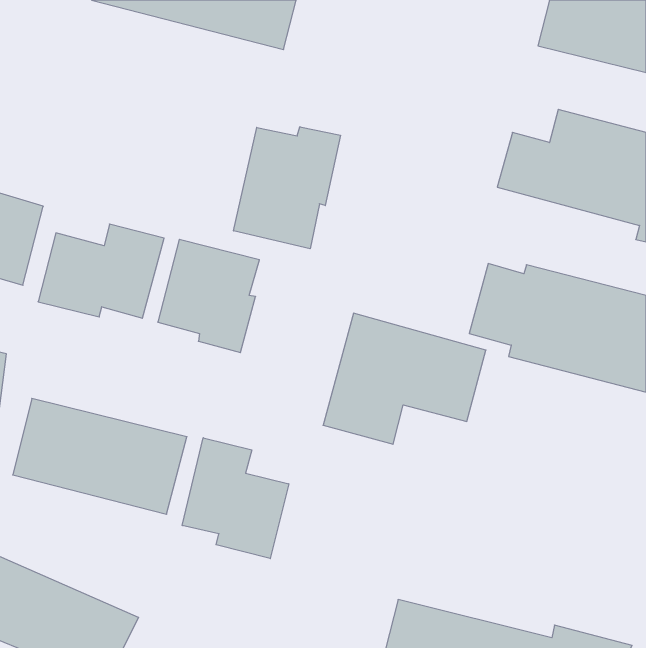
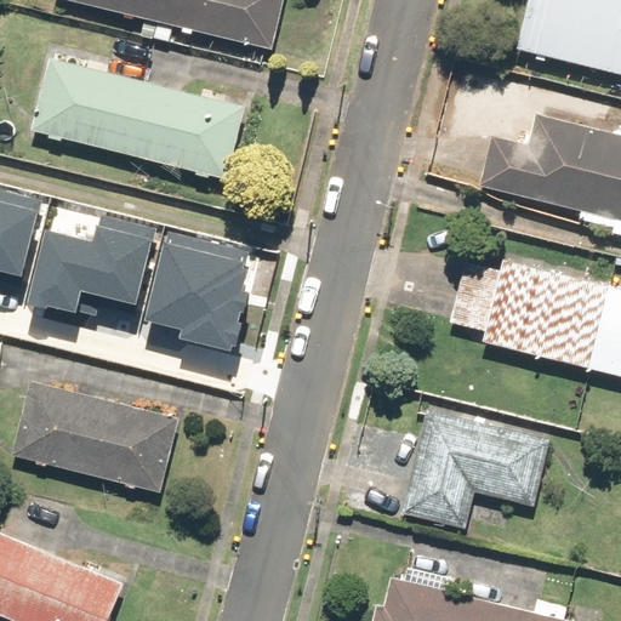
building: none -> [29,59,245,178]
building: [234,127,340,249] -> none
building: [323,313,486,444] -> [399,409,554,534]
building: [182,438,289,559] -> none

